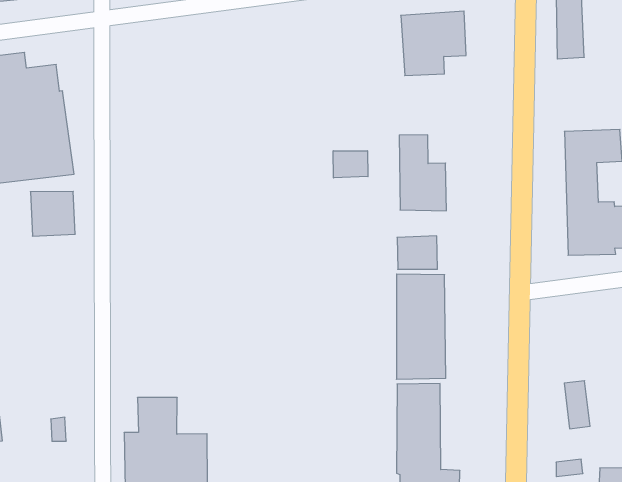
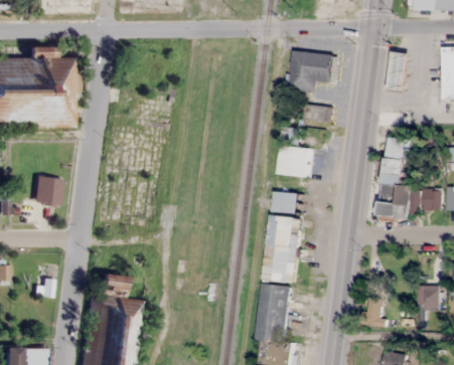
building: none -> [303,104,331,123]
building: [333,151,368,178] -> none
building: [30,191,75,236] -> [31,175,60,205]

